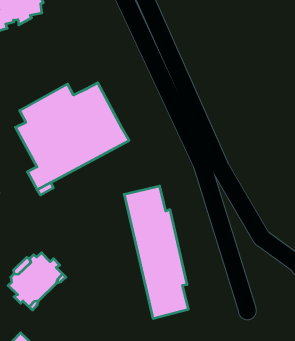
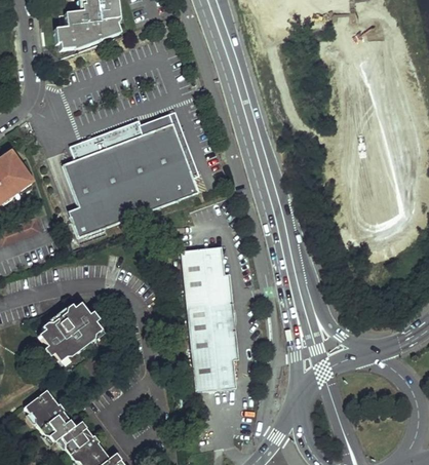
building: none -> [151,111,194,177]

